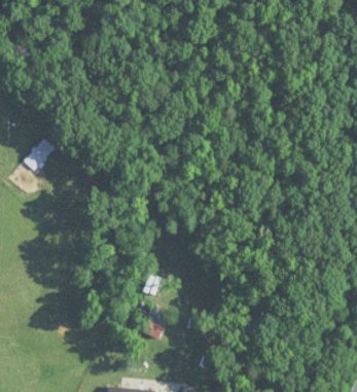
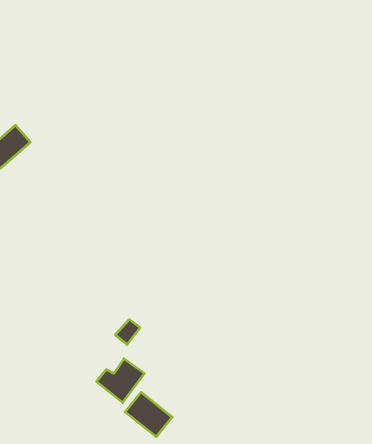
building: none -> [125,392,172,437]

